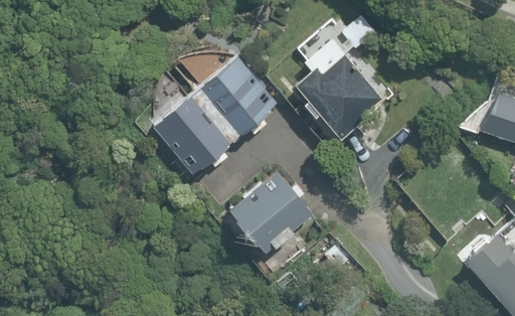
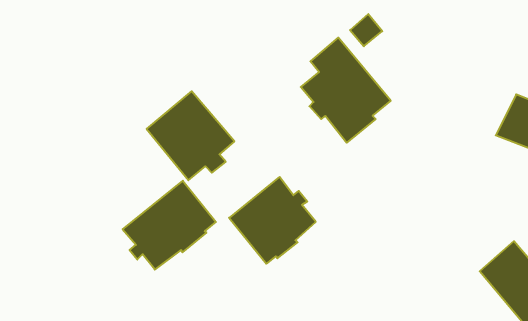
building: [194,53,276,136] -> none
building: none -> [123,181,216,270]

